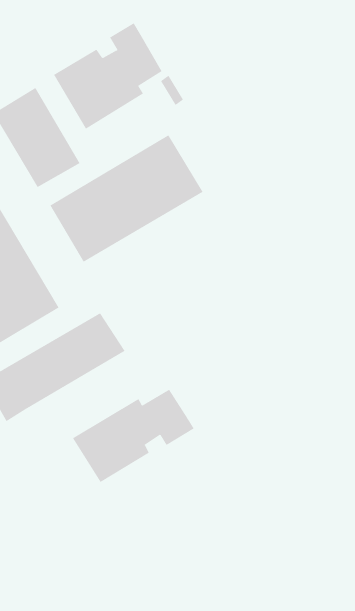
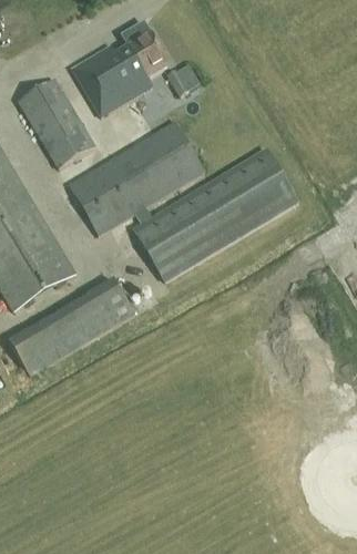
building: none -> [132,146,299,280]
building: [72,389,194,483] -> none

